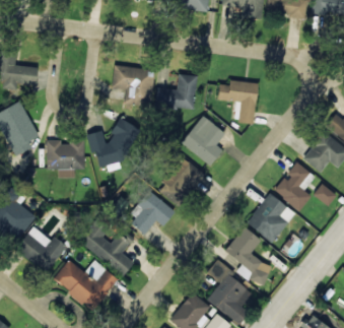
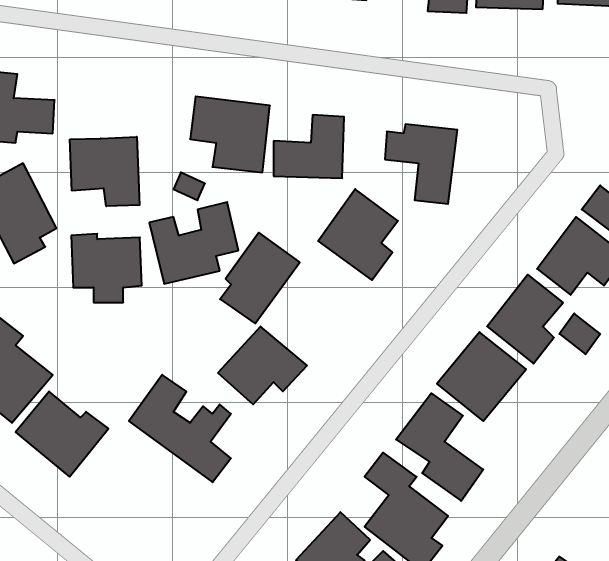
building: none -> [70,137,140,206]
building: [159,156,203,206] -> [220,233,300,323]
building: [53,260,119,312] -> none

